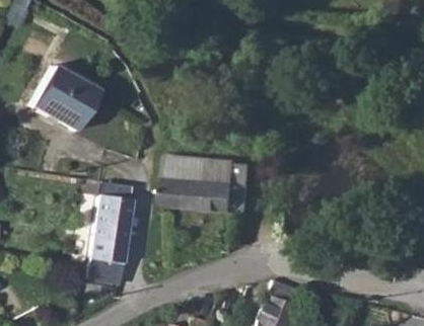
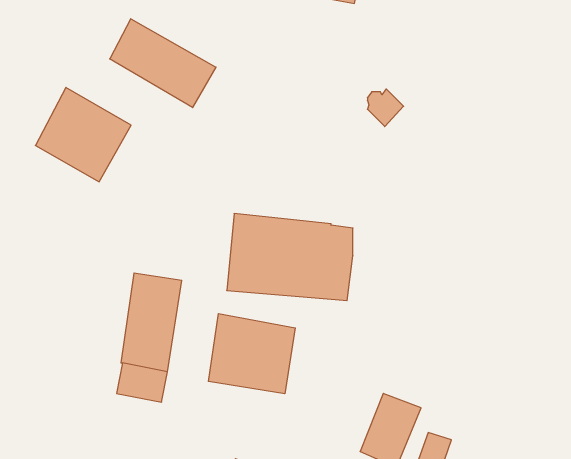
building: none -> [110,19,216,108]
building: none -> [208,314,295,394]

